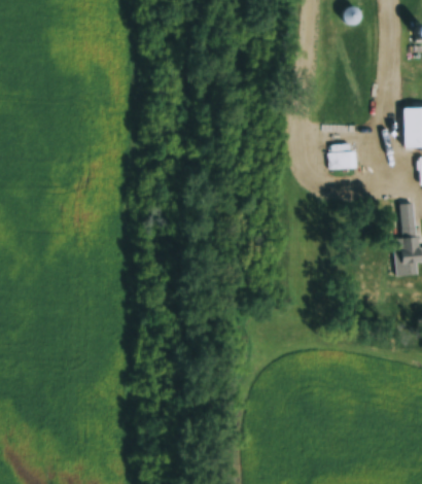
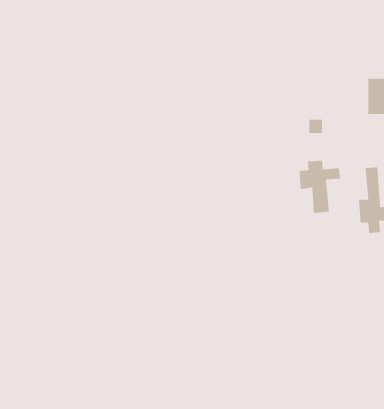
building: none -> [299,160,340,214]

